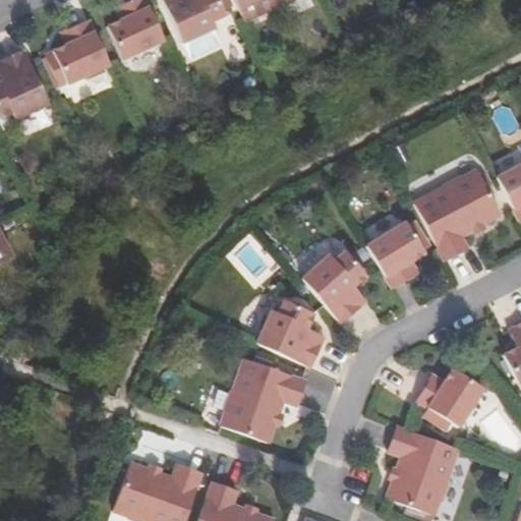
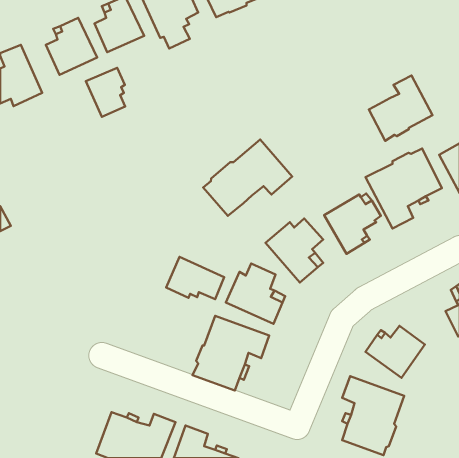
building: none -> [86,68,125,117]
building: none -> [369,75,432,141]
building: none -> [203,139,292,216]
building: none -> [166,257,224,299]

